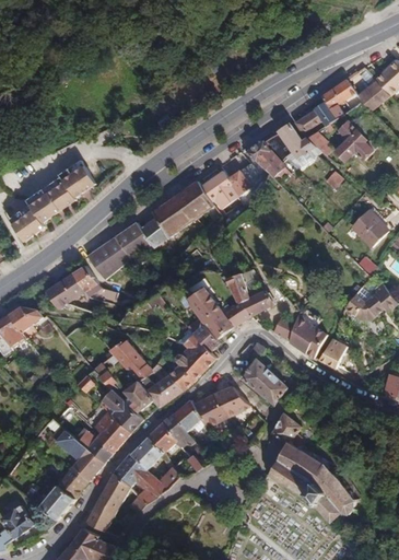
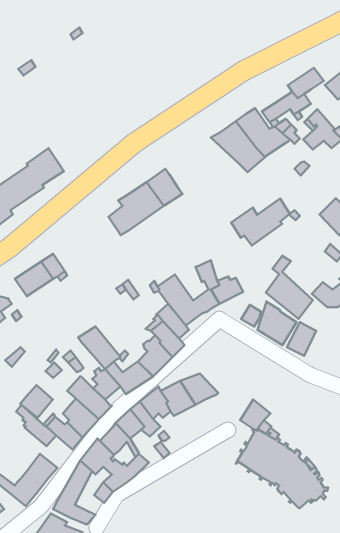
building: [201,162,260,209] -> [231,199,290,245]
building: [86,222,151,279] -> none
building: [242,342,289,406] -> [266,256,313,319]
building: [71,448,104,481] -> [20,385,53,418]

